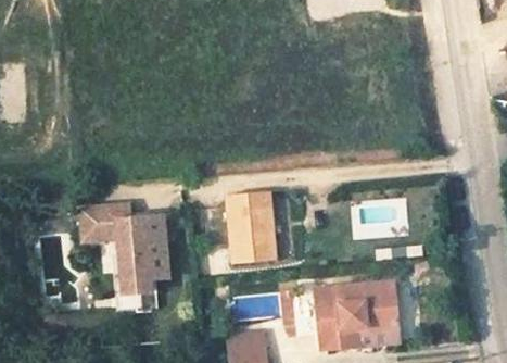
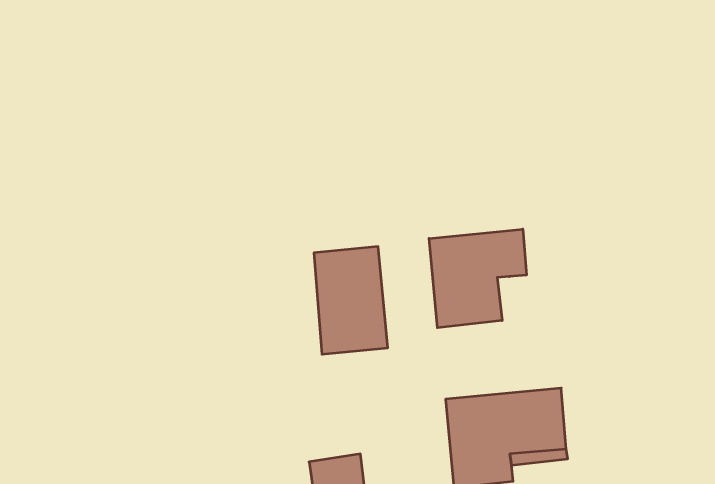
building: none -> [429,229,526,328]
building: [72,201,166,290] -> none

